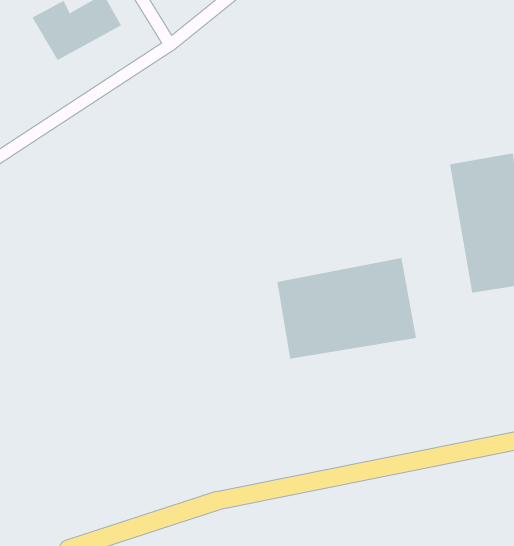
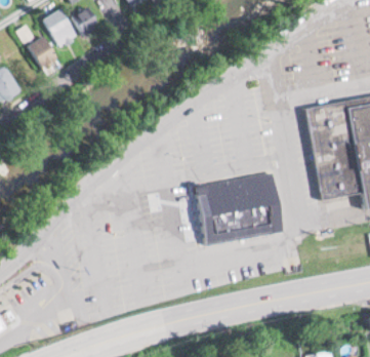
building: none -> [27,36,60,71]

